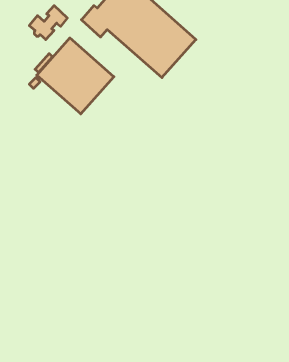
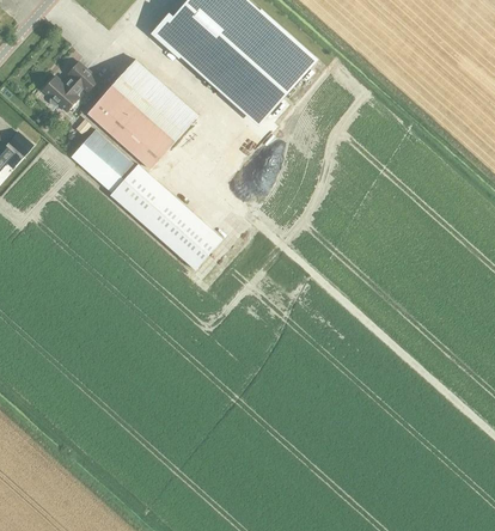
building: [29,6,67,40] -> [42,62,97,111]
building: none -> [71,130,221,270]

